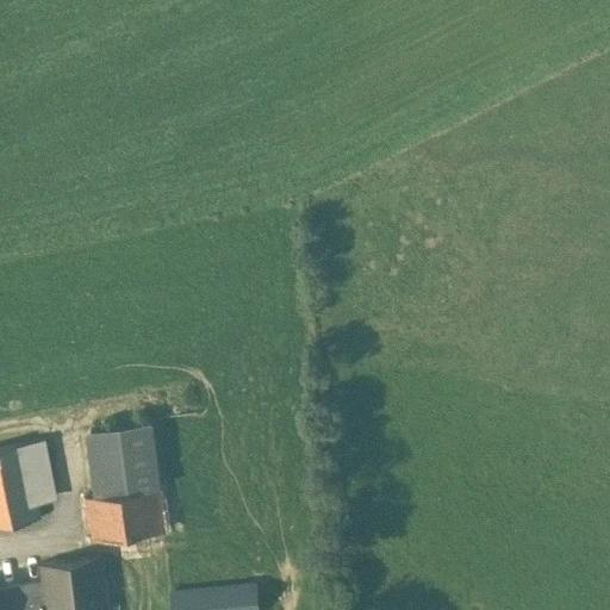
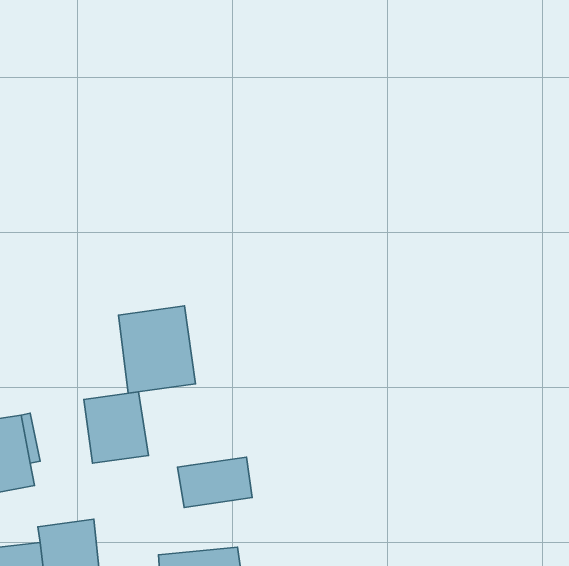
building: none -> [119,306,196,393]
building: [85,491,164,544] -> [177,457,252,508]

